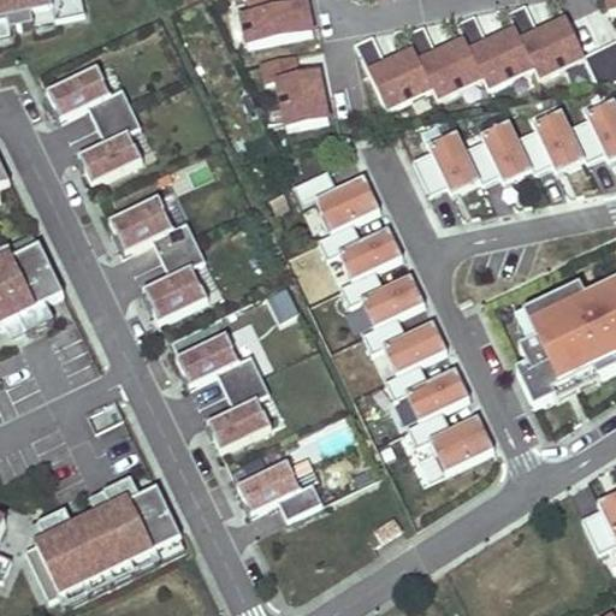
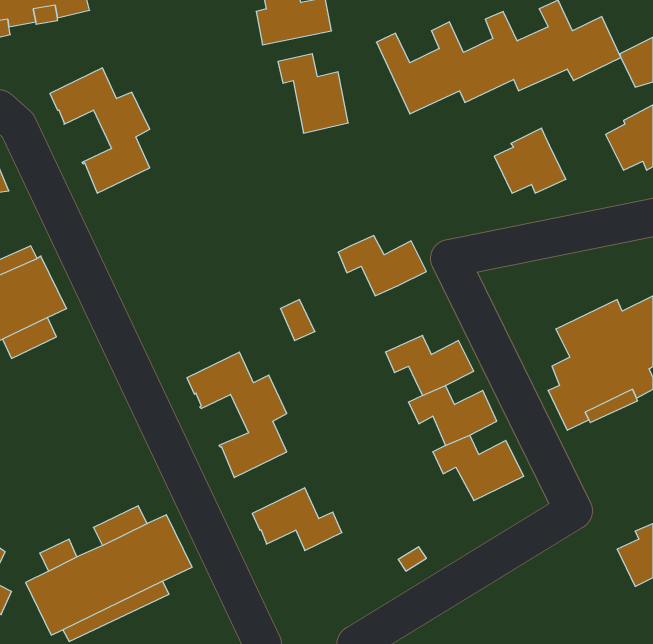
building: [516,109,585,171] -> none
building: [411,131,480,192] -> none
building: [292,168,378,231] -> none
building: [108,194,207,320] -> none
building: [339,268,422,325] -> none

